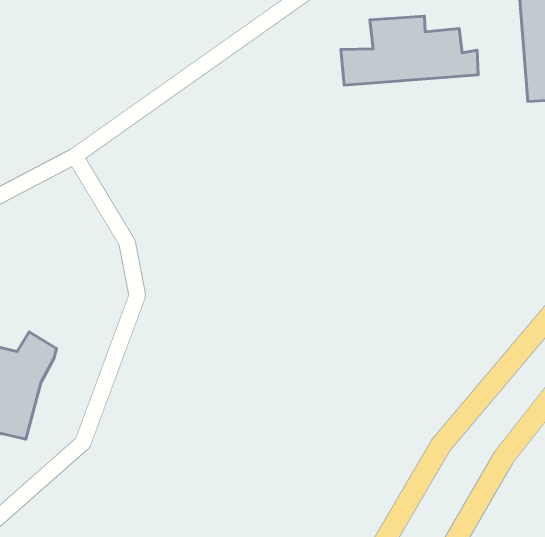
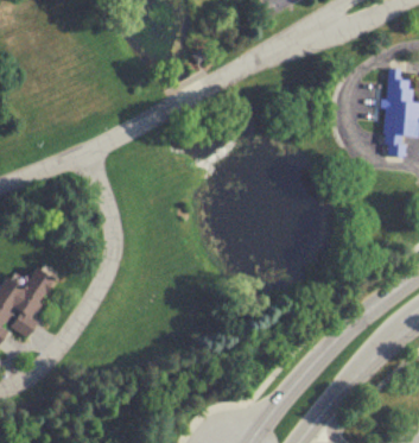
building: [341,16,478,85] -> none

